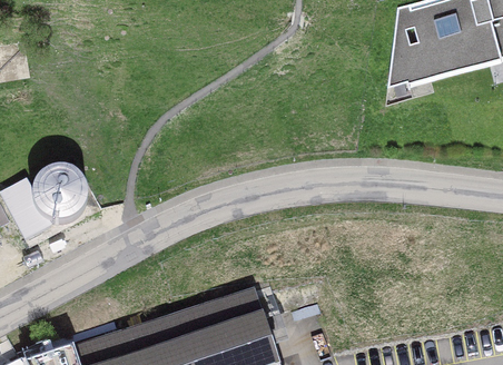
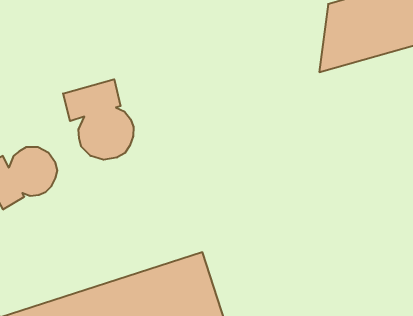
building: none -> [63,79,133,160]

